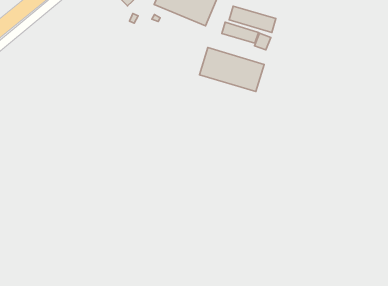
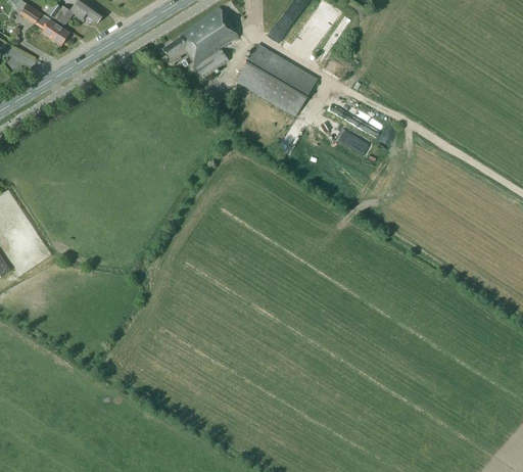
building: [200,48,264,92] -> none

